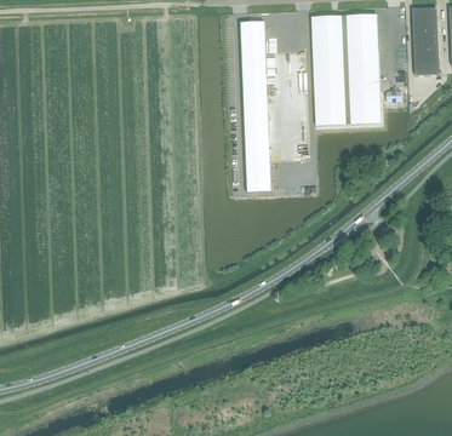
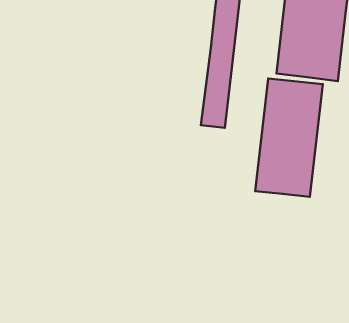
building: none -> [255,78,323,197]

